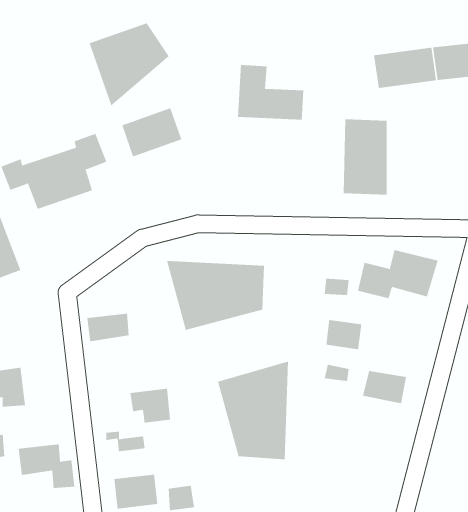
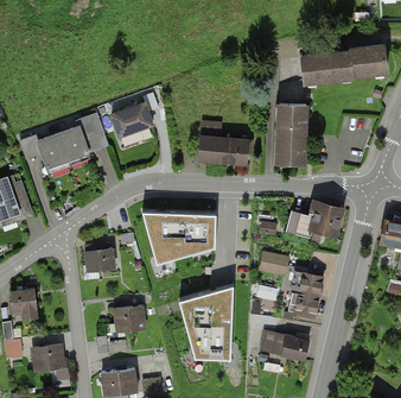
building: [89,22,169,107] -> none
building: [237,65,304,120] -> [199,119,249,160]
building: none -> [293,271,325,296]
building: none -> [261,331,312,360]

